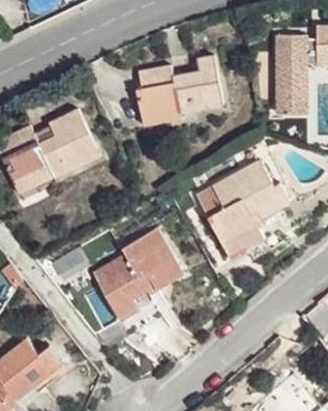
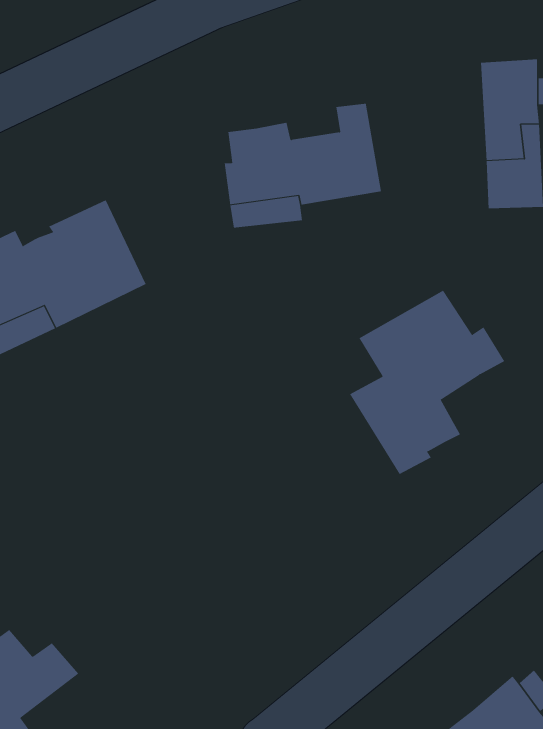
building: [89,229,181,336] -> none

